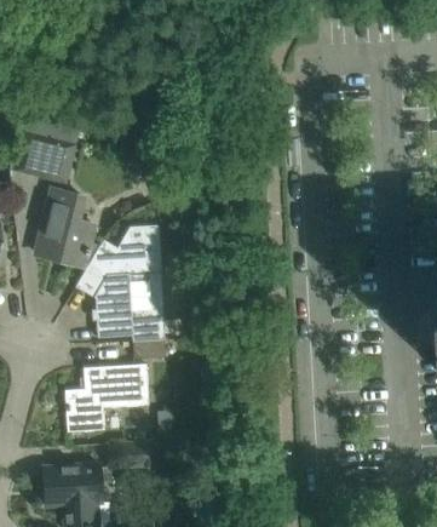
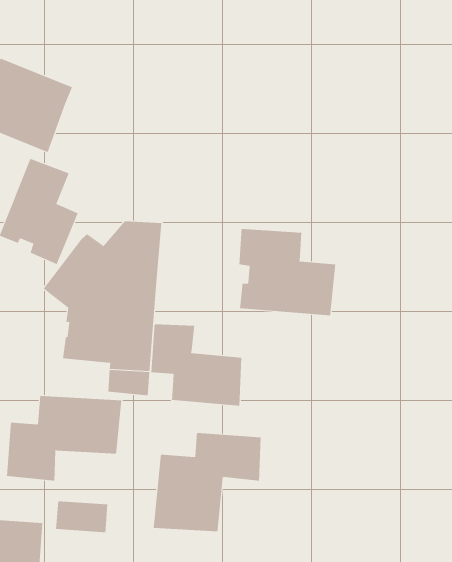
building: none -> [239,228,336,316]
building: none -> [151,324,242,406]
building: none -> [153,432,261,532]

